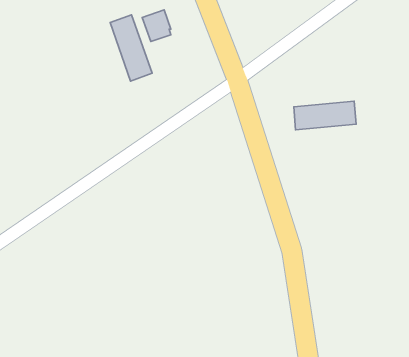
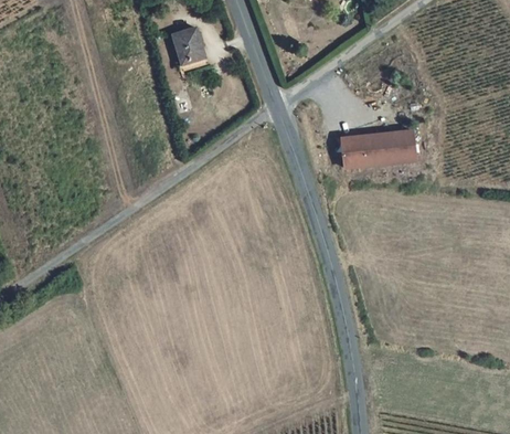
building: [110,15,152,81] -> none

